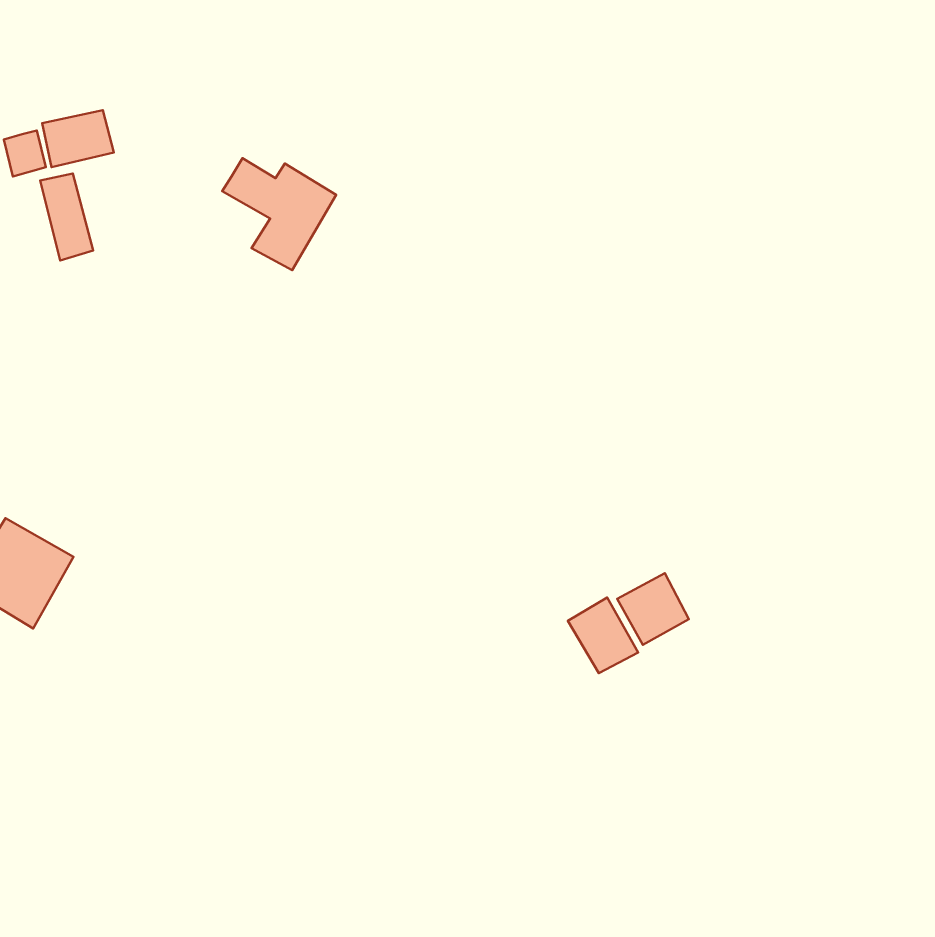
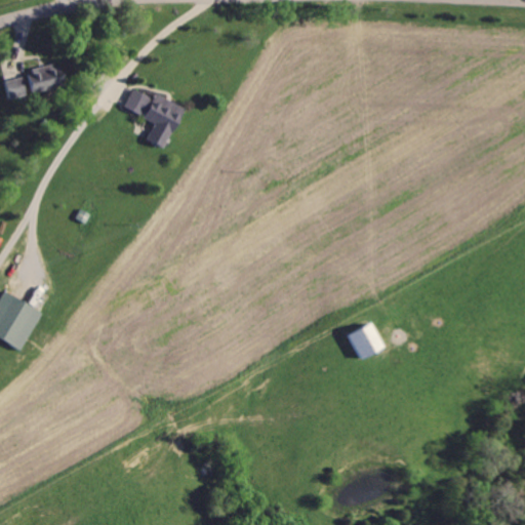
building: [40,174,93,260] -> none
building: [568,597,638,673] -> none

